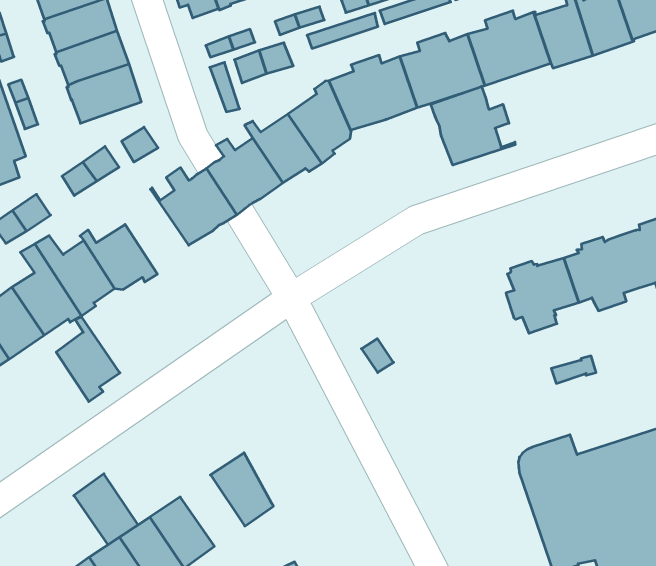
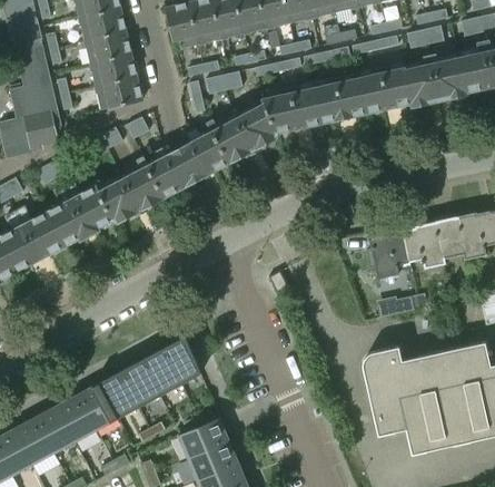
building: [431,86,515,165] -> none
building: [56,317,120,402] -> [122,158,162,214]
building: [74,474,138,545] -> [140,349,180,396]

